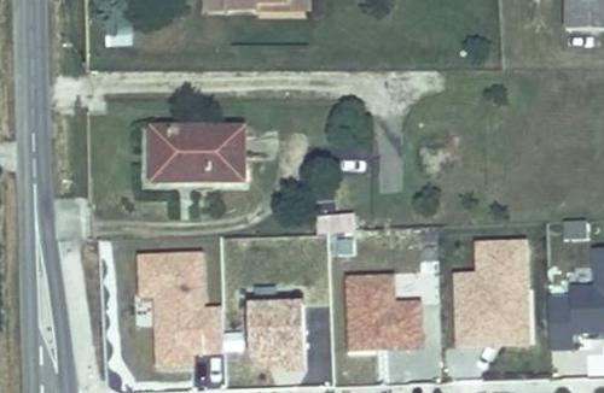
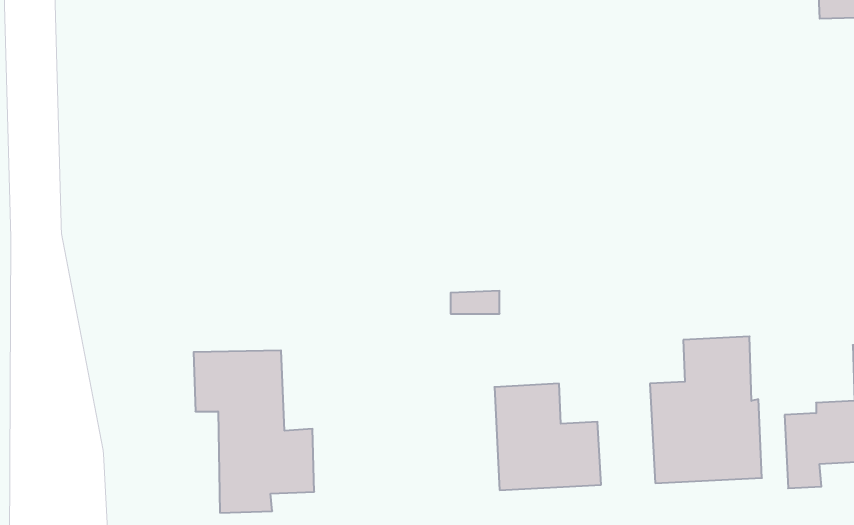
building: [167,118,256,172] -> none
building: [248,303,304,369] -> none

